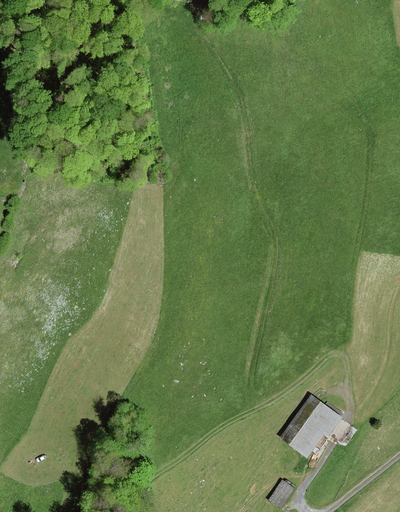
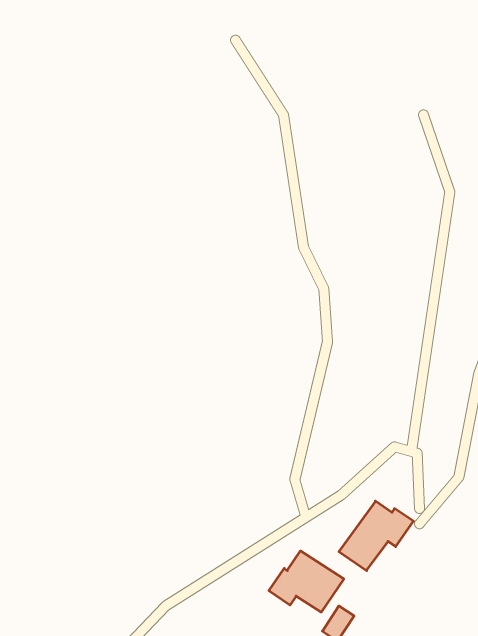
building: none -> [269,551,344,612]

